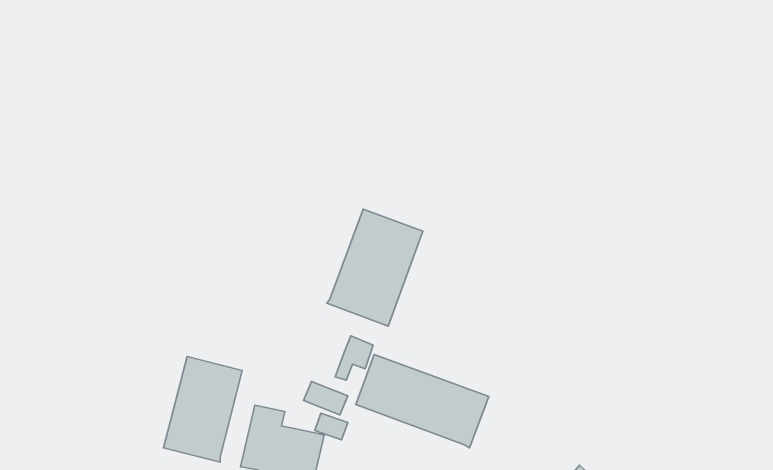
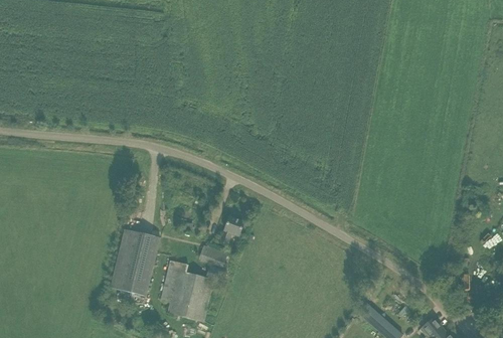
building: [327,209,423,326] -> none
building: [356,354,489,448] -> none

